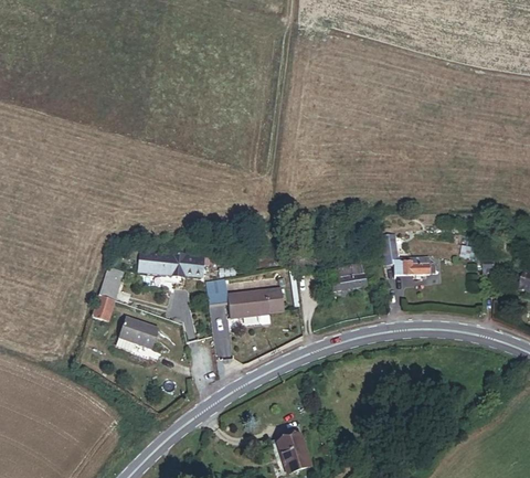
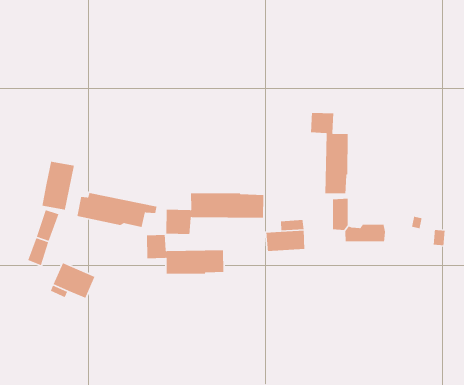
building: none -> [310,112,349,194]
building: none -> [41,161,75,210]
building: none -> [166,192,264,235]

